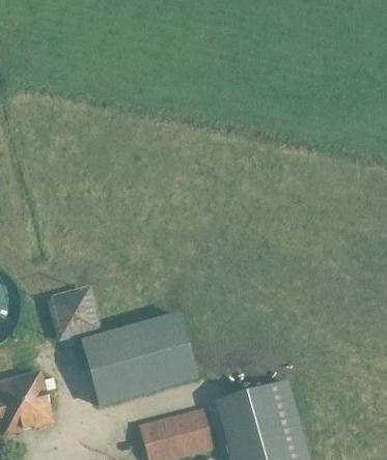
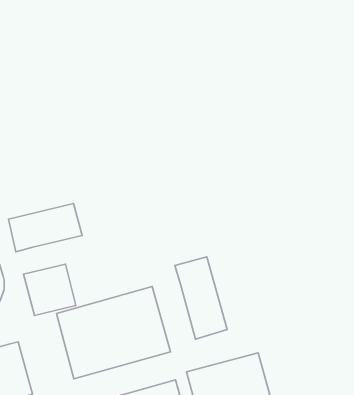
building: none -> [8,203,82,252]
building: none -> [175,257,227,339]

